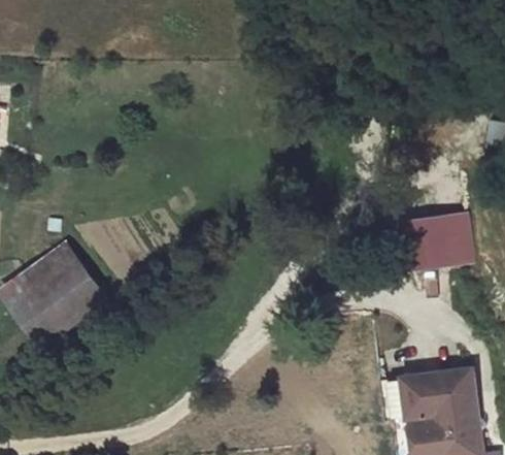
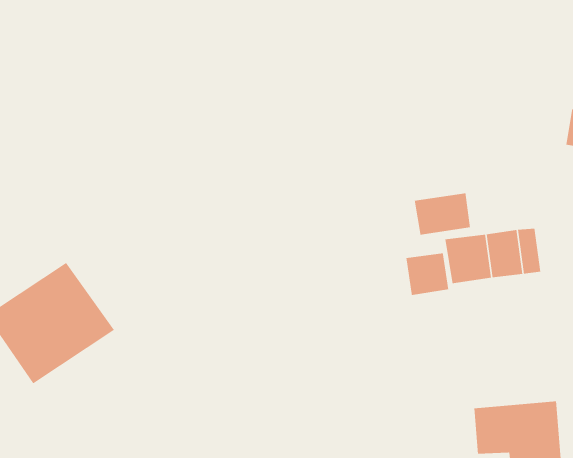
building: none -> [414,192,471,235]
building: none -> [406,252,449,296]

